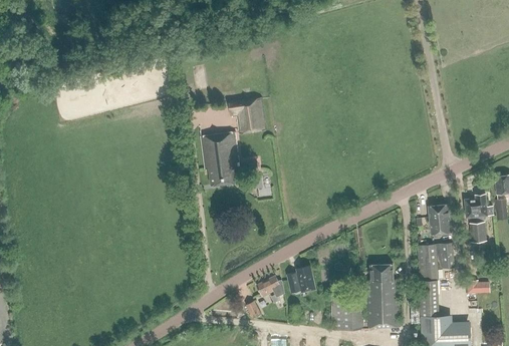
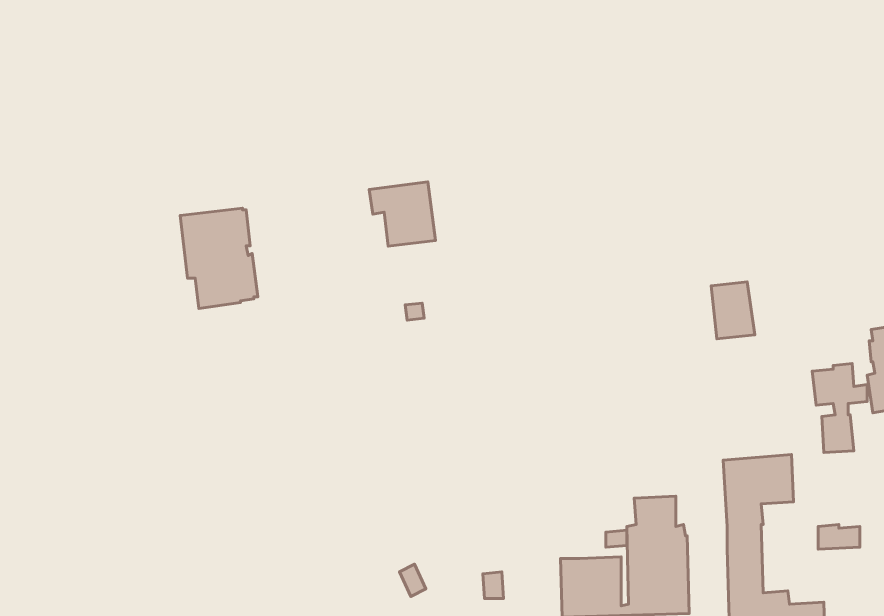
building: [201,131,242,185] -> [180,208,258,308]
building: [429,204,452,234] -> [711,282,755,339]
building: [287,266,315,295] -> none
building: [256,276,284,297] -> none

